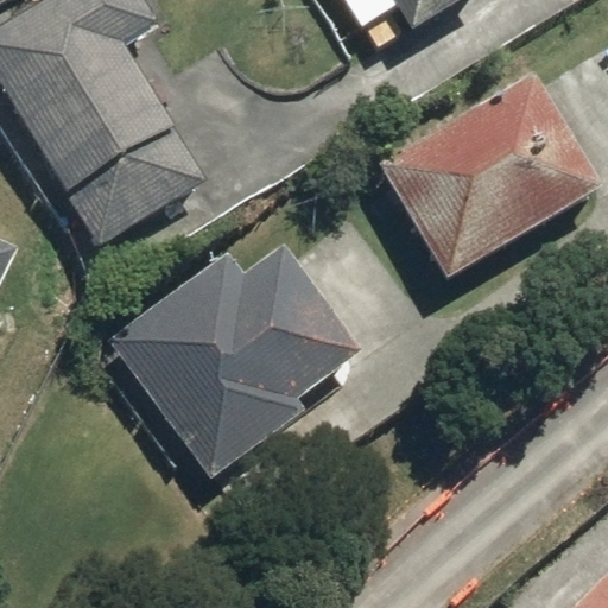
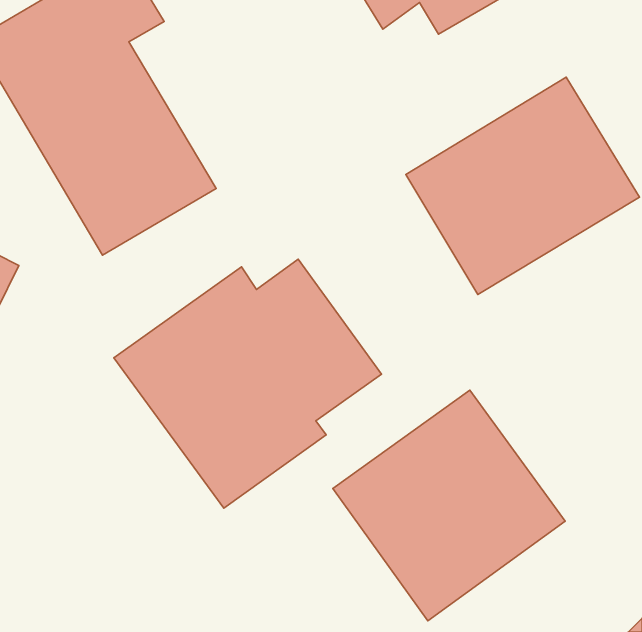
building: none -> [333,390,565,621]

